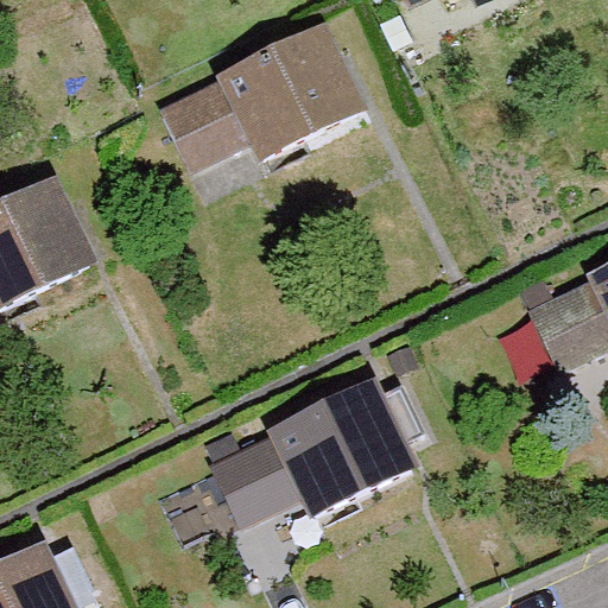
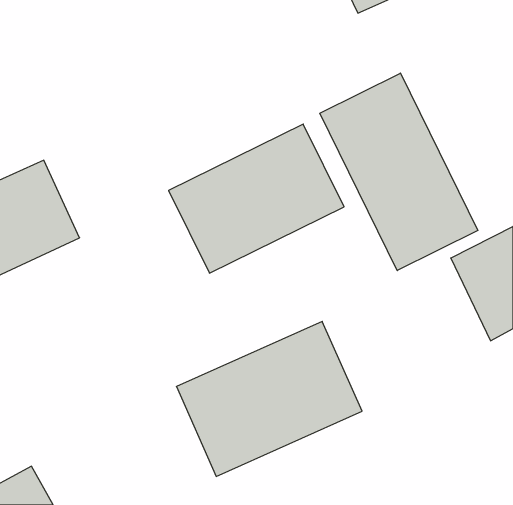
building: [163,27,367,201] -> [169,124,344,273]
building: none -> [320,73,478,271]

